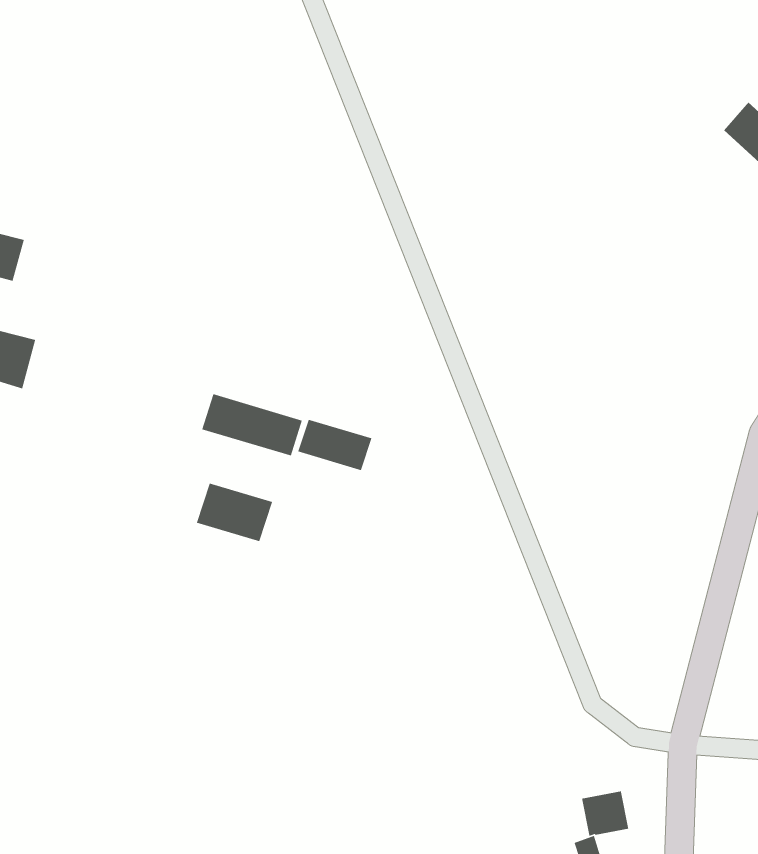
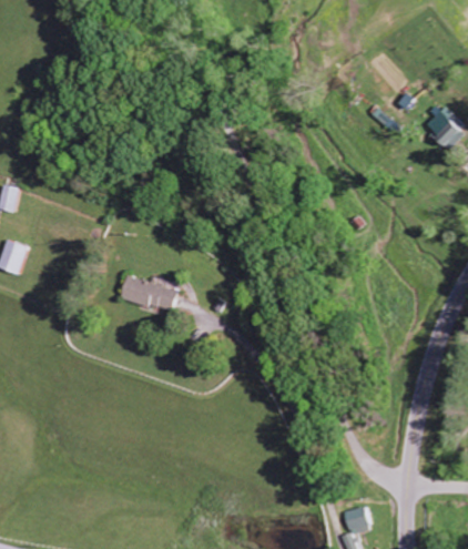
building: [297,419,373,471] -> none
building: [196,482,273,542] -> none

